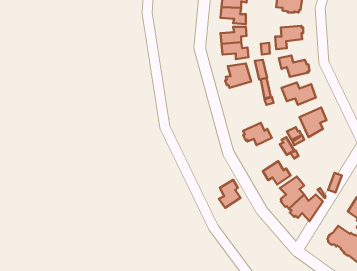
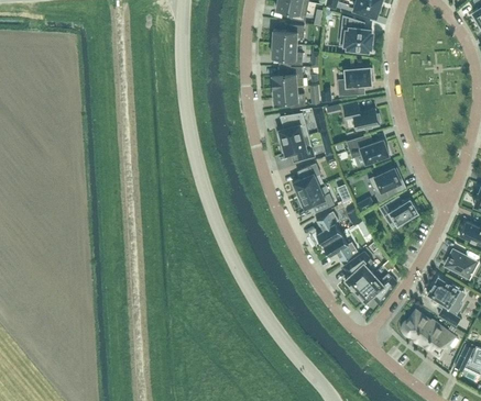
building: none -> [281,135,315,161]
building: none -> [293,163,321,196]
building: none -> [380,197,419,225]
building: [219,180,240,208] -> [316,211,342,245]

